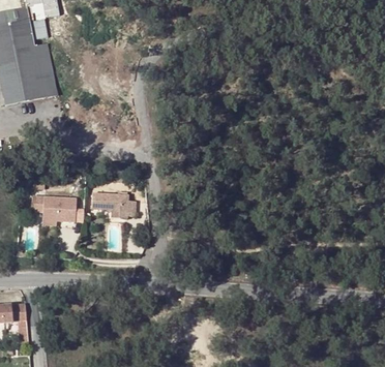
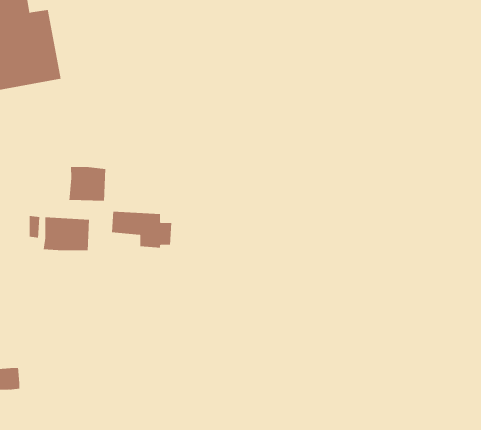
building: none -> [69,166,106,201]

